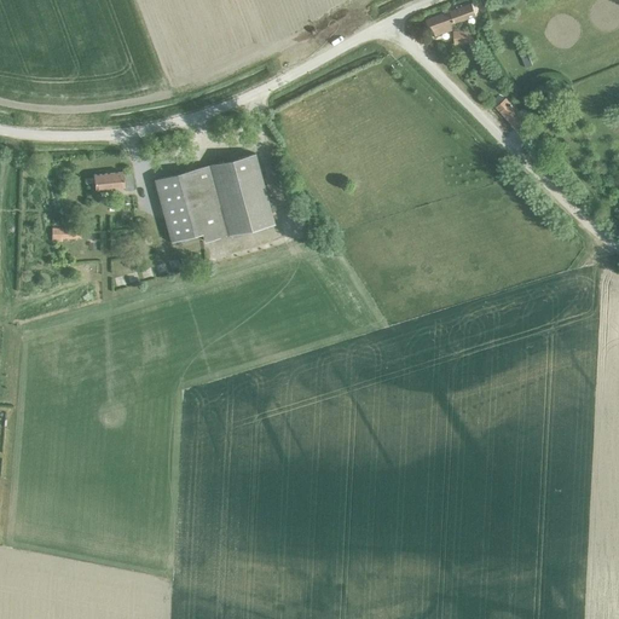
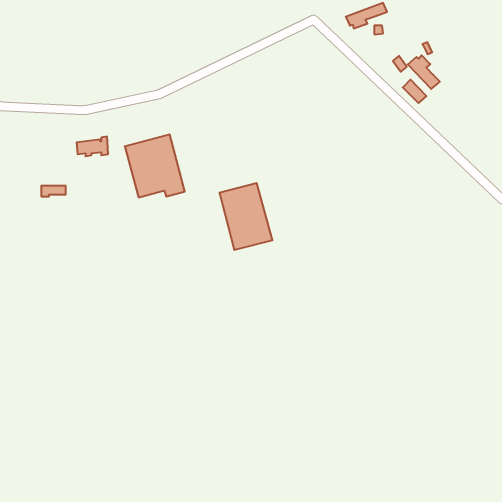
building: none -> [408,55,440,89]
building: [209,154,274,236] -> [219,183,273,250]

